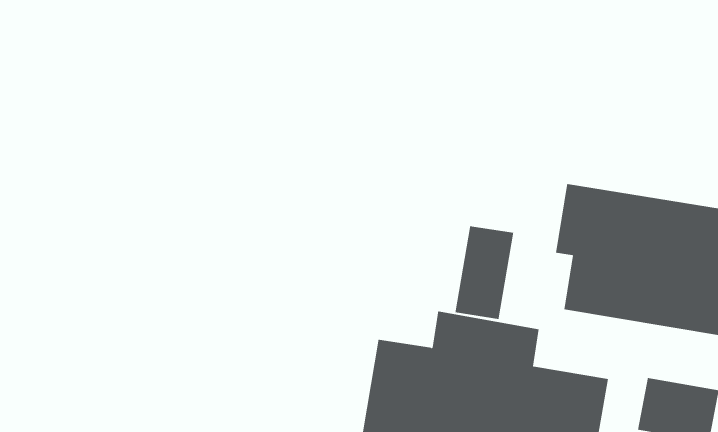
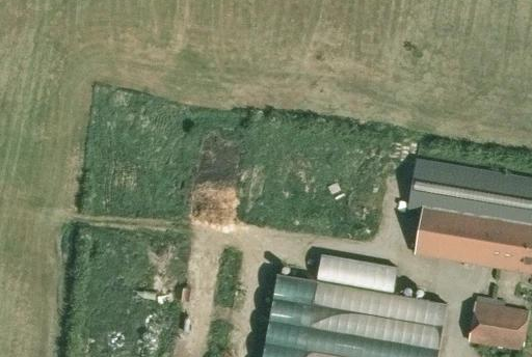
building: [455,226,514,320] -> none

